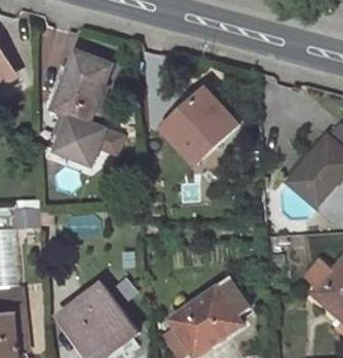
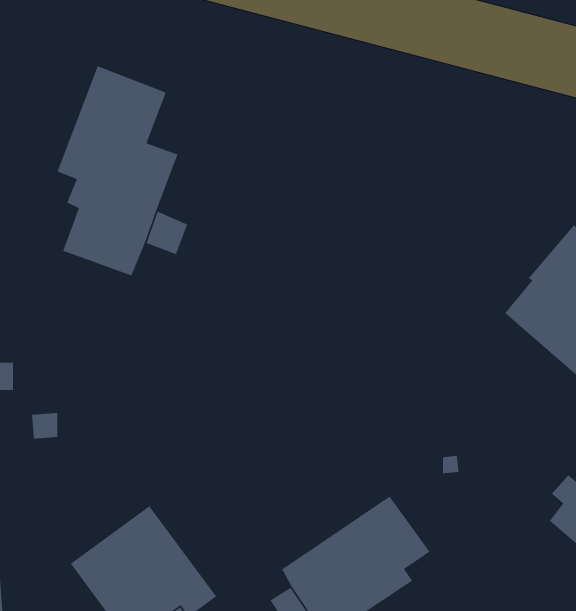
building: [162,87,238,163] -> none

